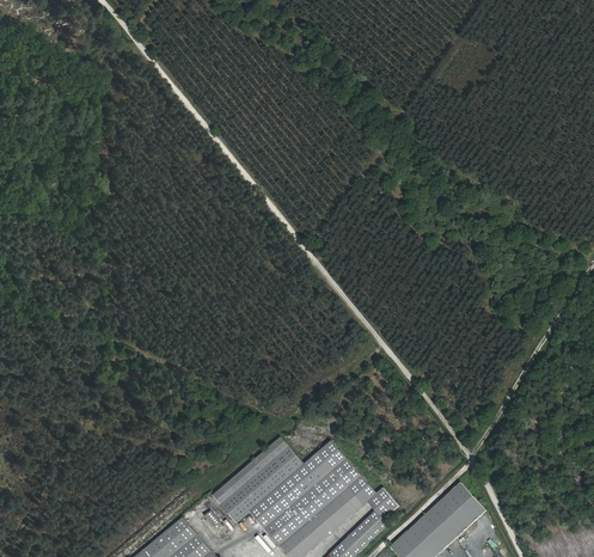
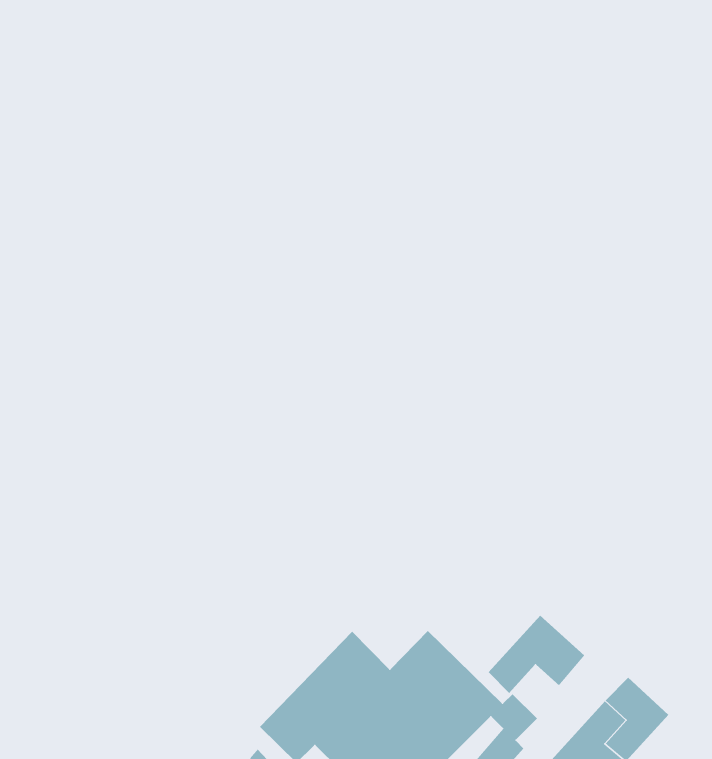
building: none -> [488,615,585,694]

